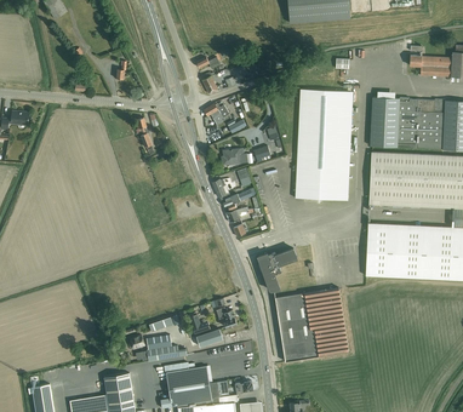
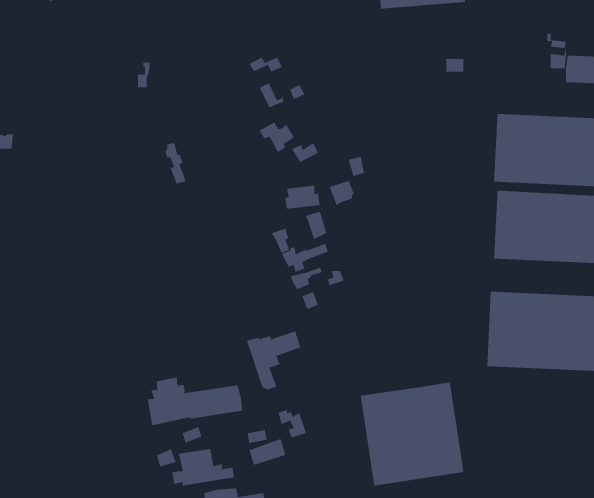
building: [296,88,348,200] -> none
building: [258,248,297,291] -> [246,330,301,390]
building: none -> [147,376,243,426]

